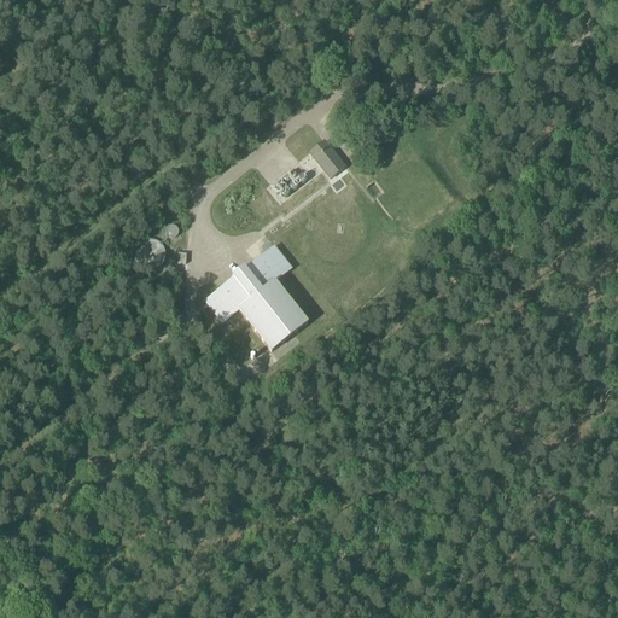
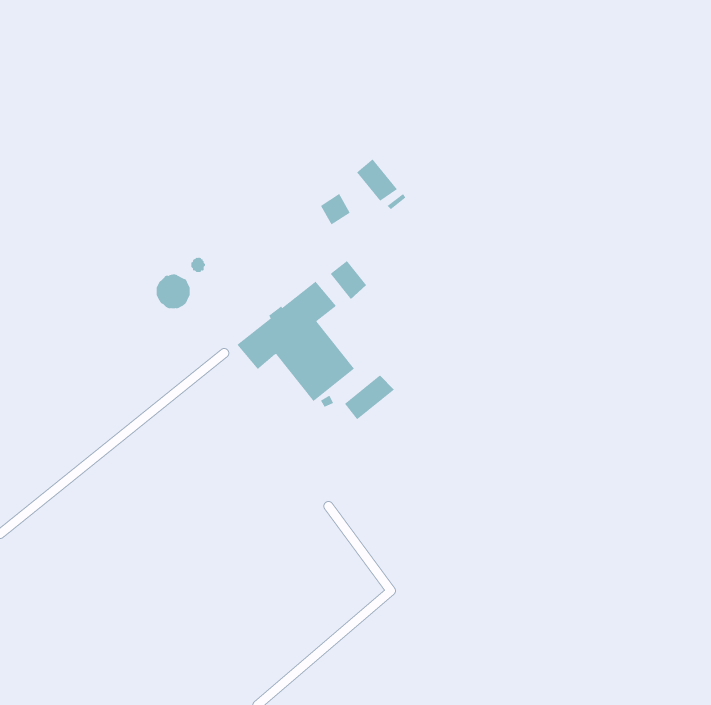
building: none -> [330,260,367,300]
building: none -> [344,375,395,420]

